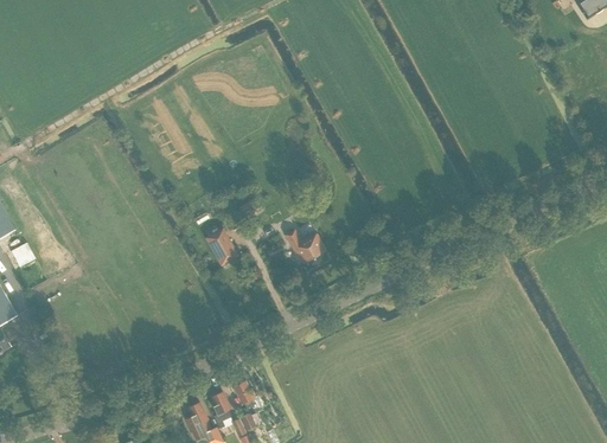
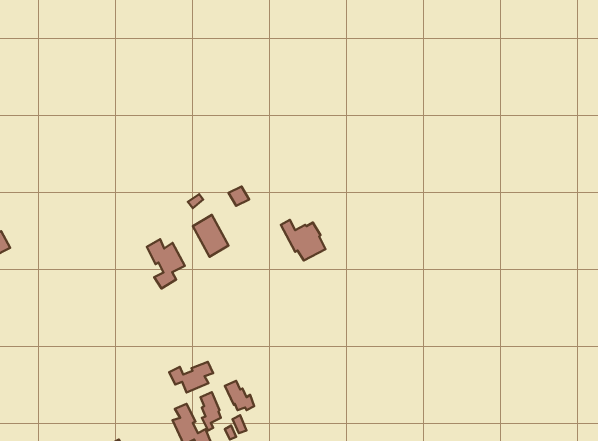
building: none -> [147,239,185,288]
building: none -> [169,362,213,392]

